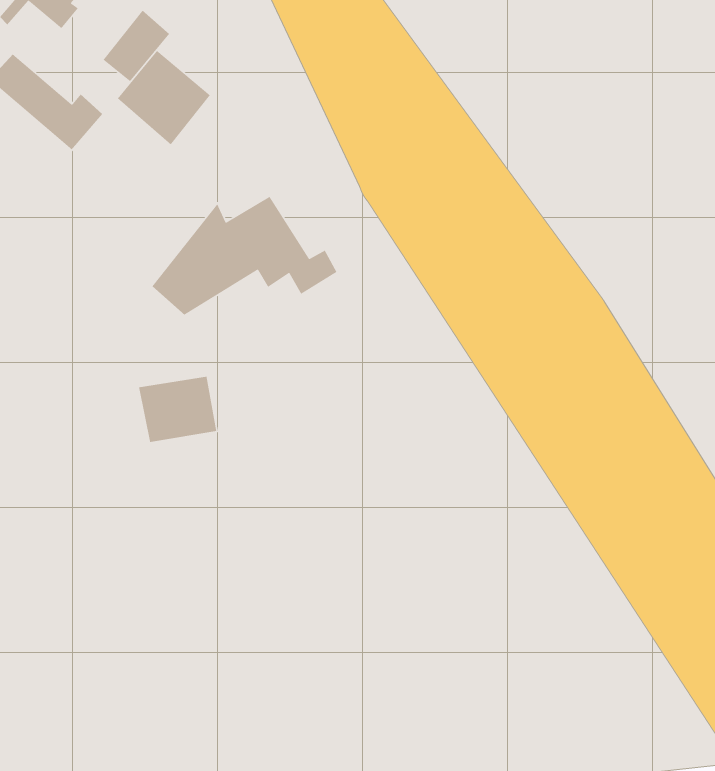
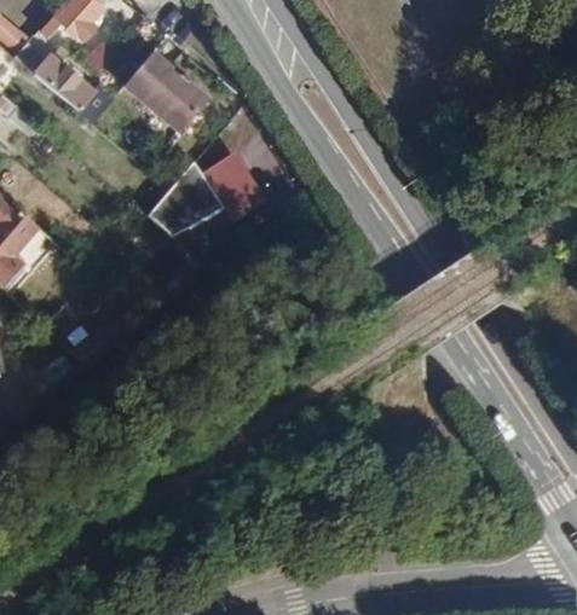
building: [102,9,170,82] -> [161,82,208,133]
building: [138,376,217,443] -> none

